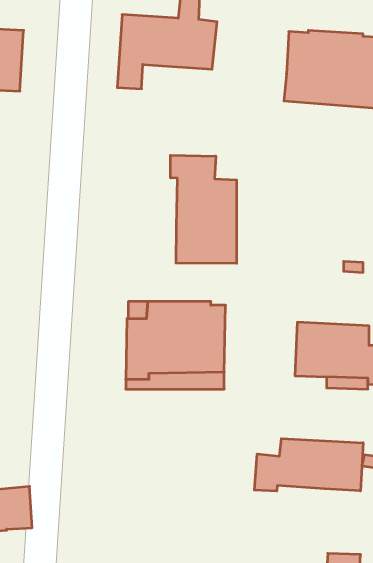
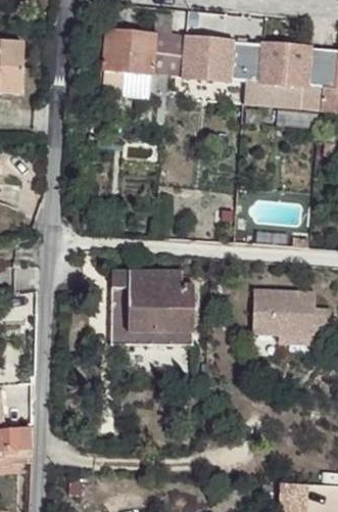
building: none -> [183,35,247,80]
building: [170,155,237,263] -> none
building: [254,439,363,491] -> none

